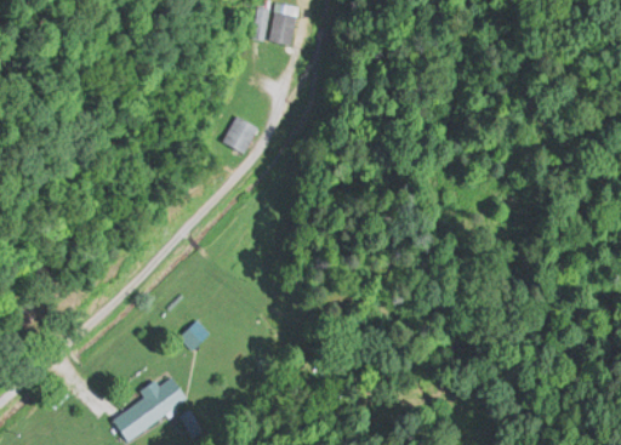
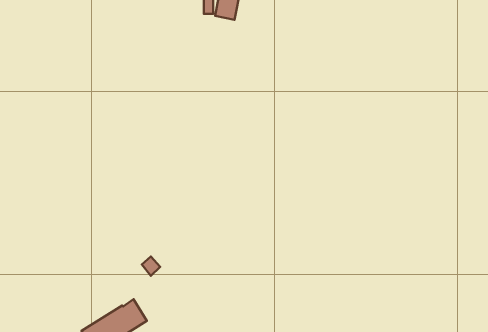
building: [222,115,257,153] -> none

